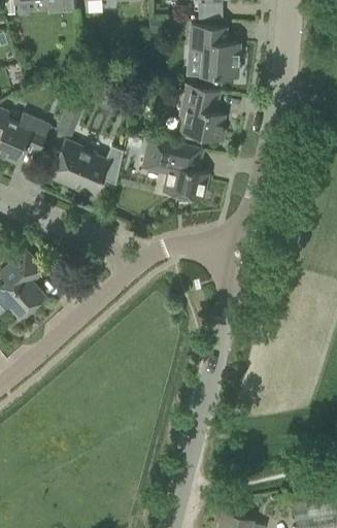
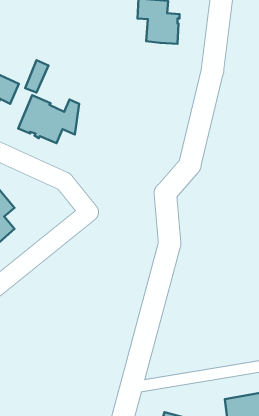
building: [179,84,226,142] -> none
building: [142,136,209,200] -> none

